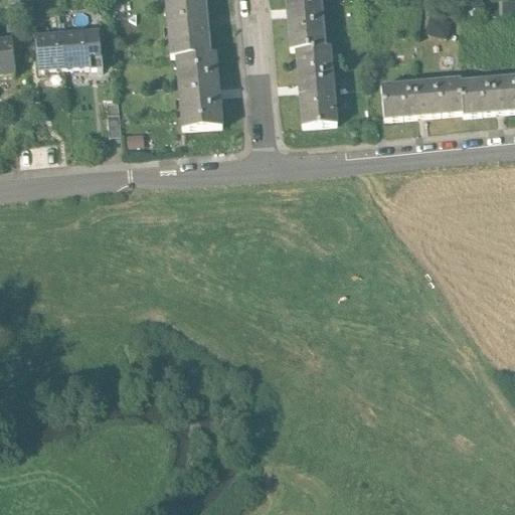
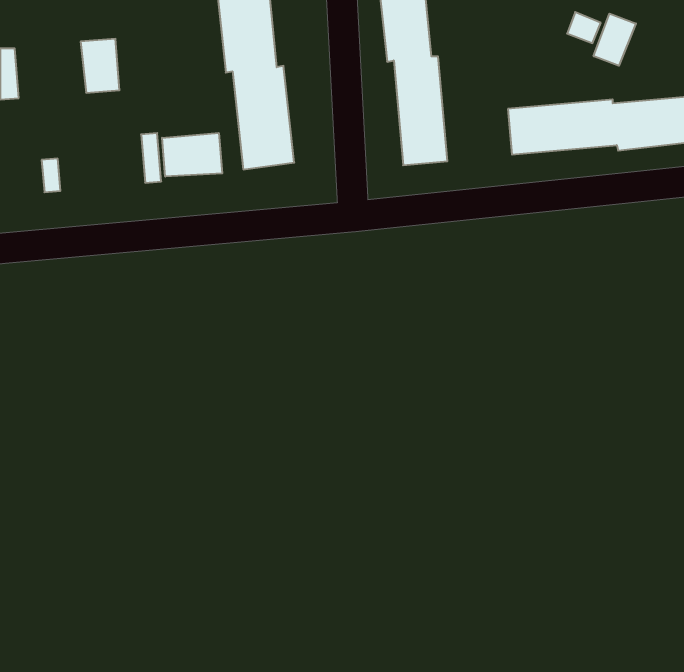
building: none -> [594,14,636,66]
building: [37,31,66,71] -> none
building: none -> [162,133,222,177]

